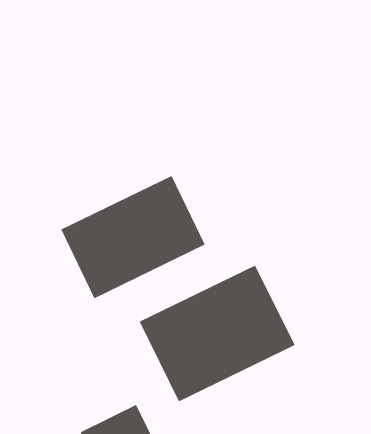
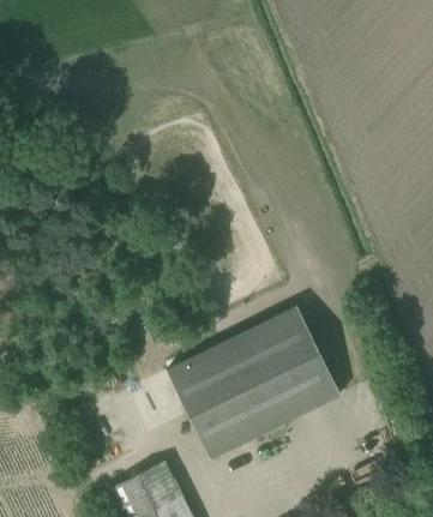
building: [61,175,205,299] -> none

